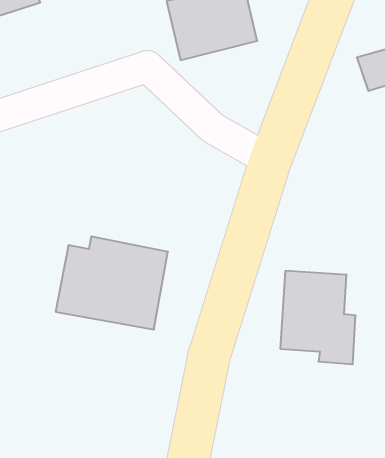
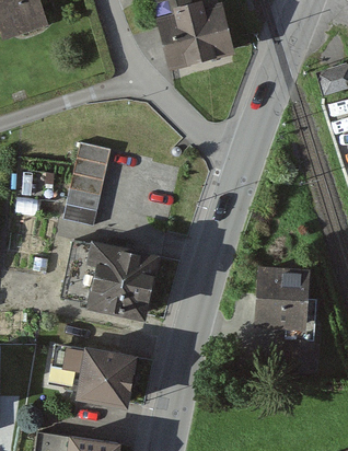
building: none -> [65,146,113,228]
building: none -> [50,340,137,402]

